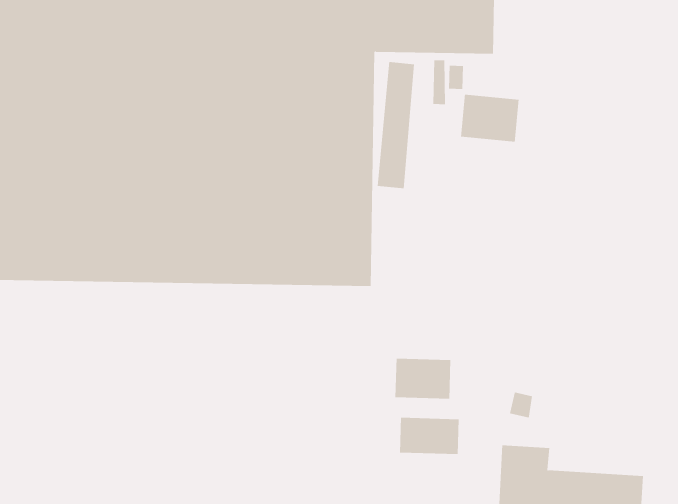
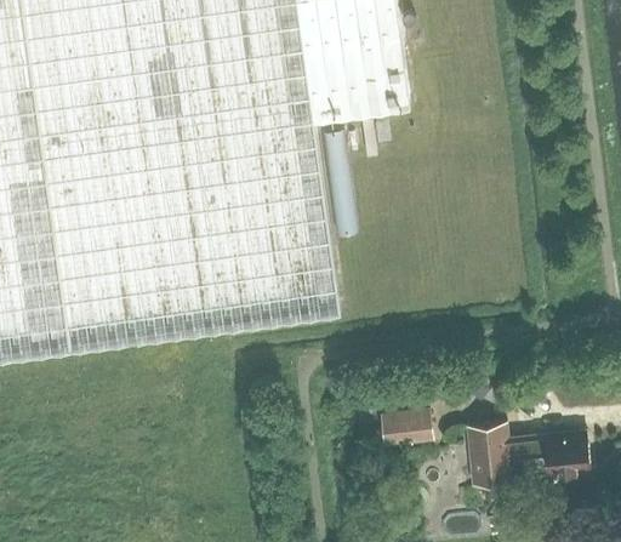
building: [460,94,519,142] -> none
building: [395,358,451,400] -> none

